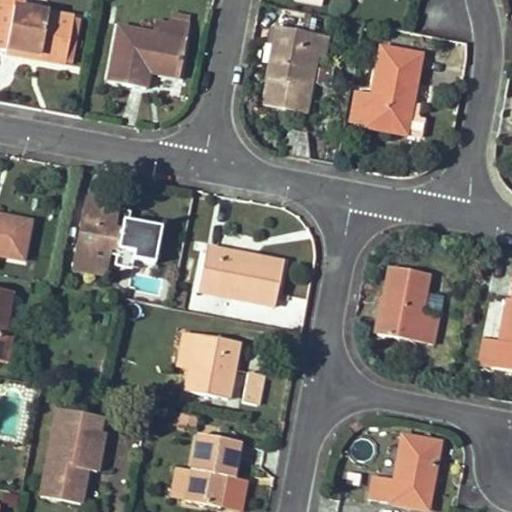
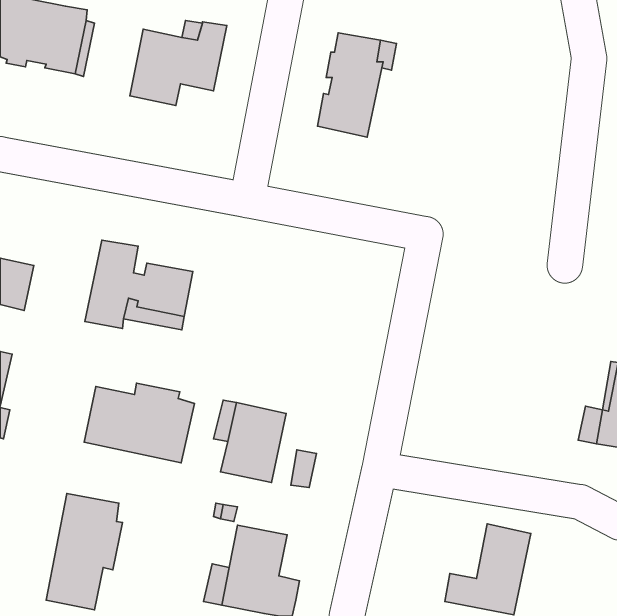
building: [366,45,422,132] -> none
building: [197,245,283,304] -> none
building: [377,265,437,343] -> none
building: none -> [84,383,194,463]

